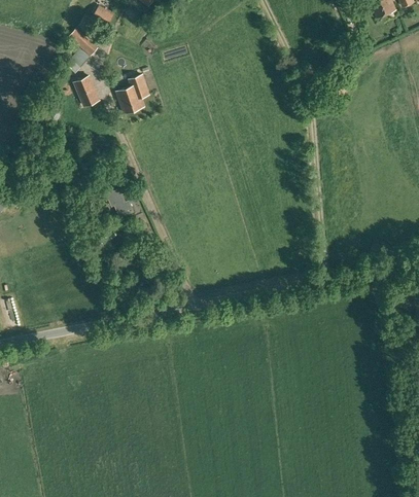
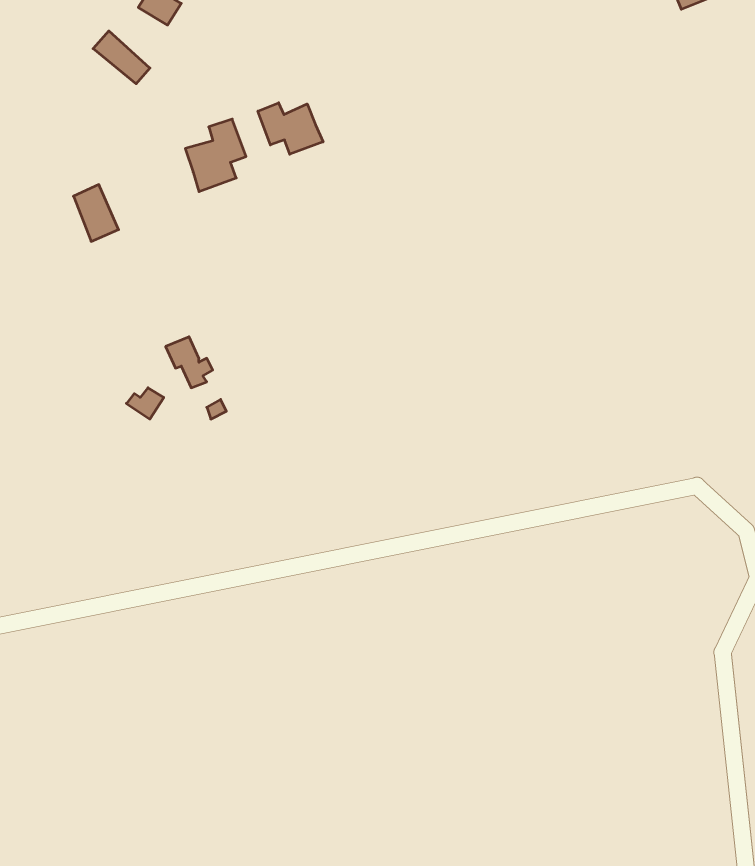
building: none -> [258,103,323,154]
building: [75,76,99,106] -> [73,185,119,241]

